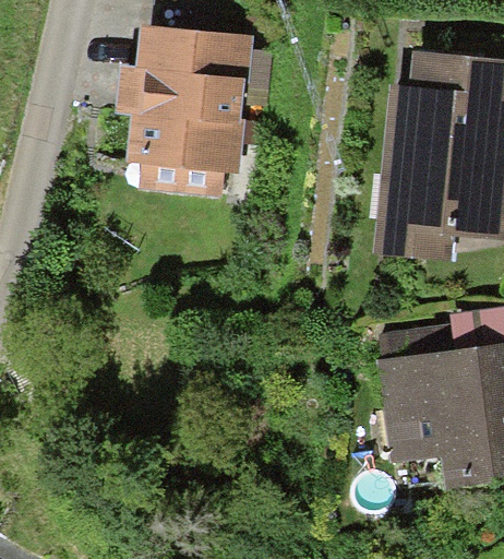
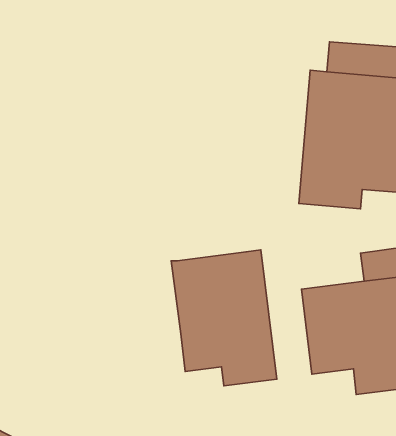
building: [117,25,253,194] -> none
building: none -> [171,250,277,386]

